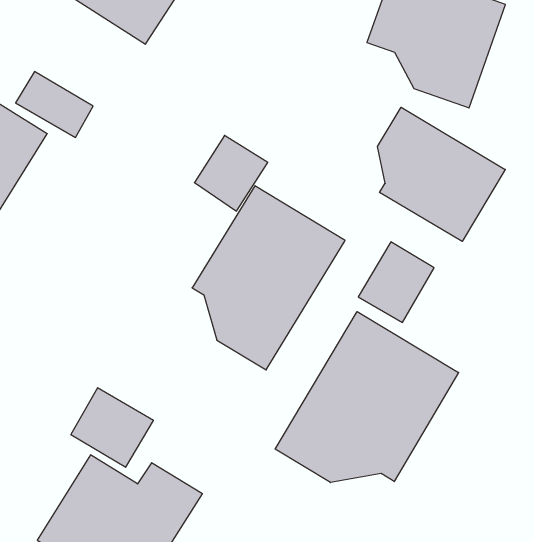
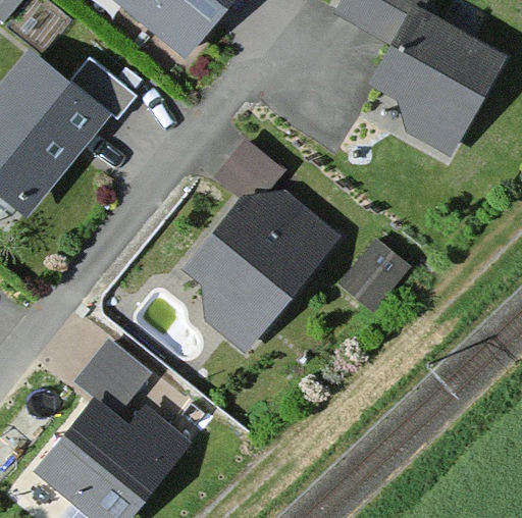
building: [377,107,505,241] -> none
building: [275,312,459,483] -> none

